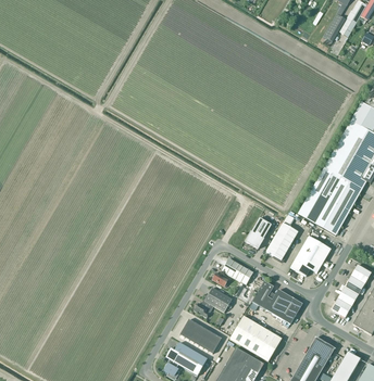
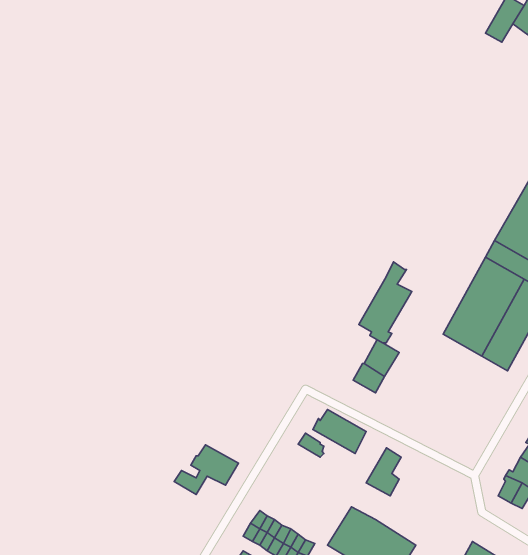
building: [266,214,298,262] -> [359,262,412,343]
building: [290,236,331,276] -> none
building: [194,288,232,317] -> [174,445,238,494]
building: [266,289,302,327] -> none

